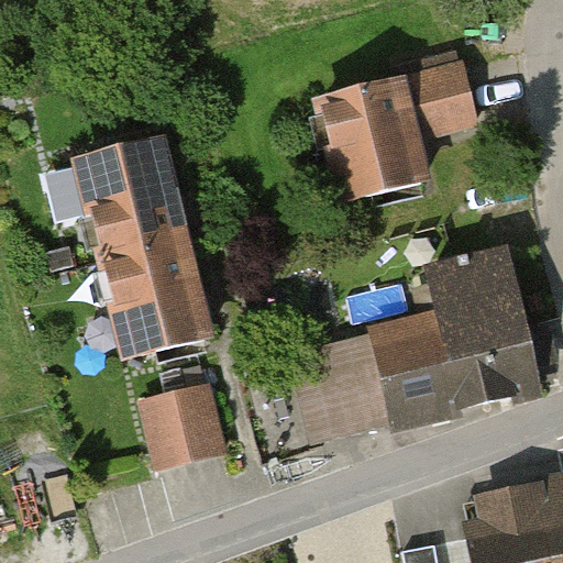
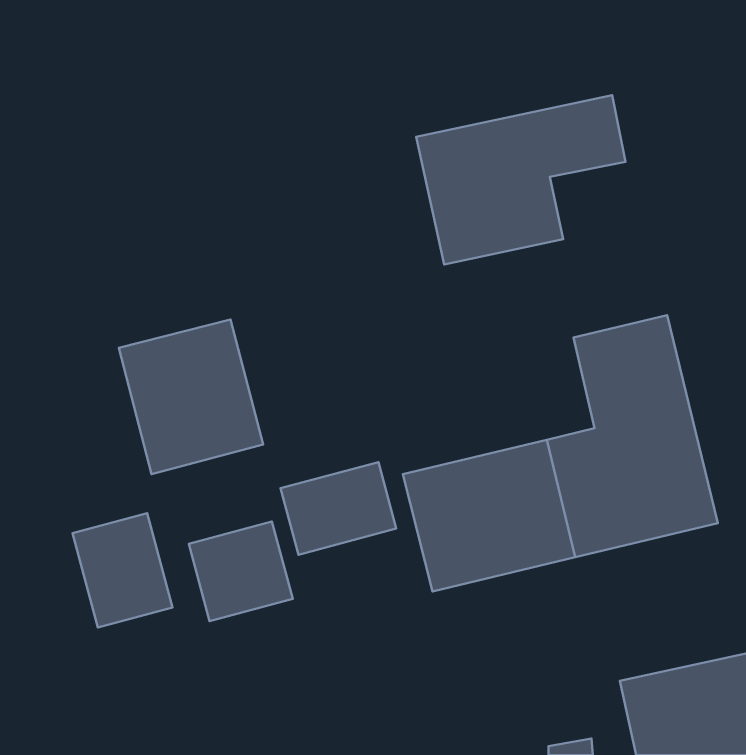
building: [73,143,180,257] -> none
building: none -> [281,462,396,555]
building: none -> [73,513,172,628]

